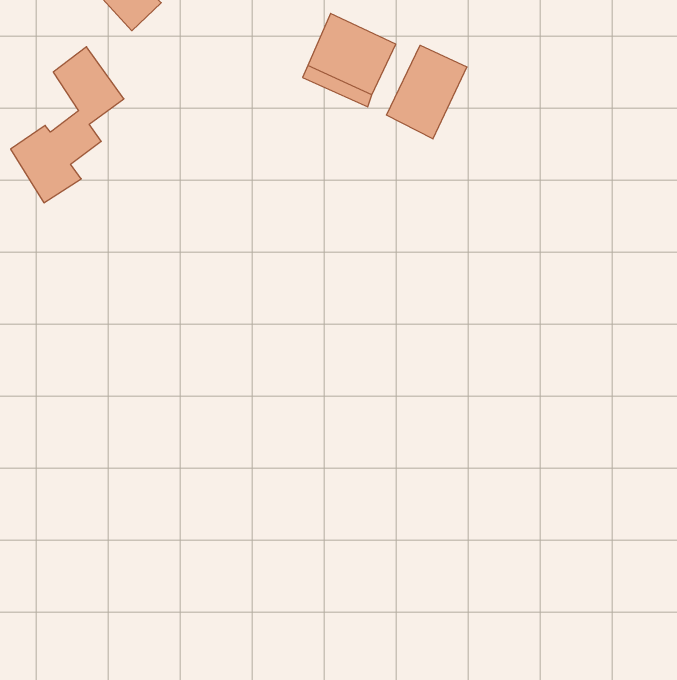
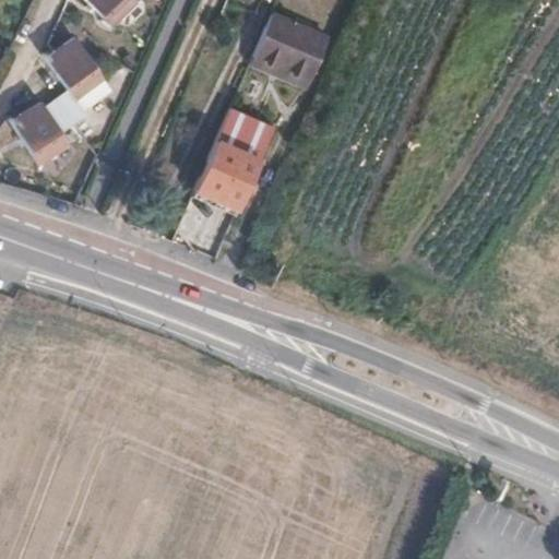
building: [387,45,467,139] -> none
building: none -> [198,115,274,207]

